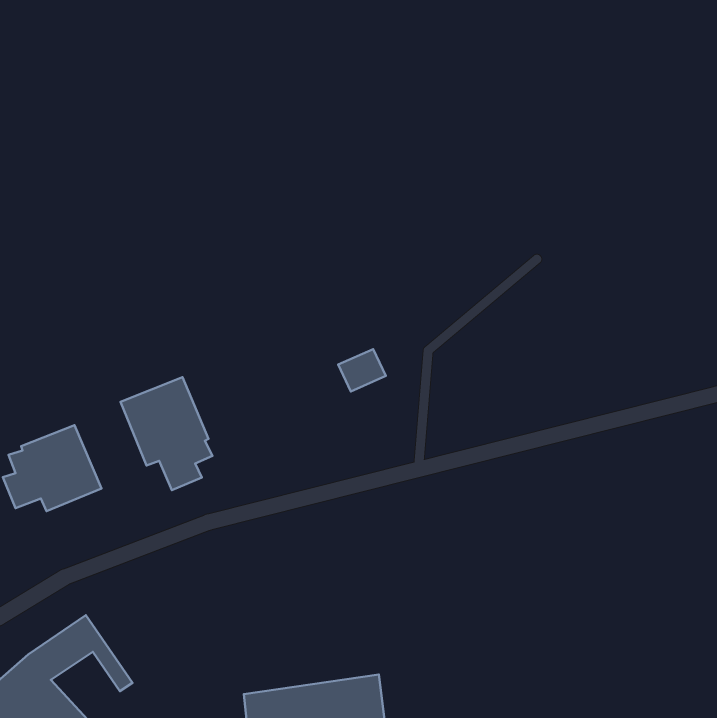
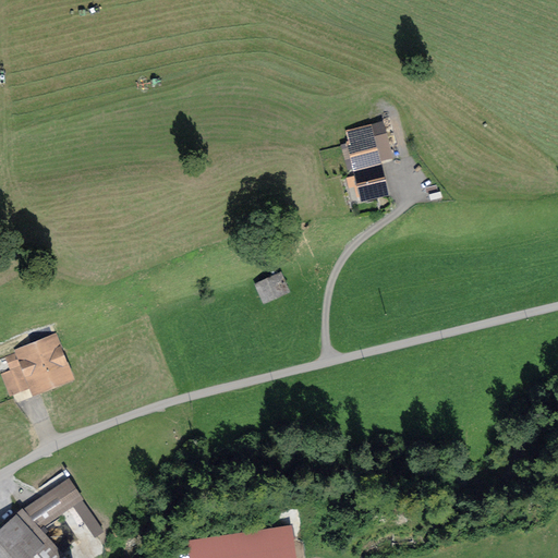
building: none -> [336,123,388,205]
building: [120,377,212,490] -> none

